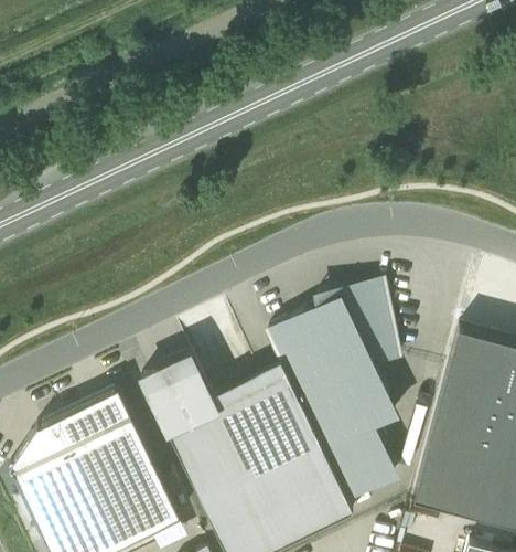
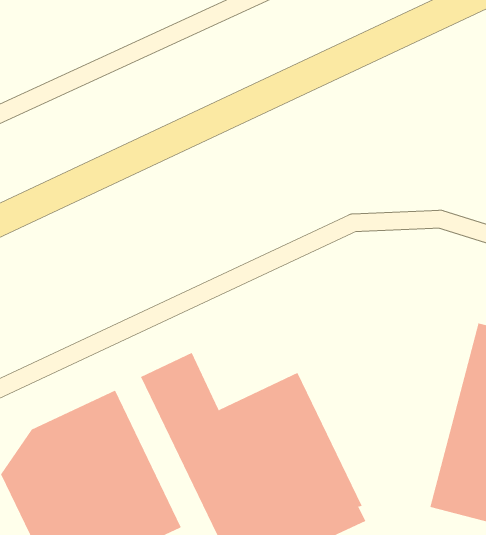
building: [268,282,397,499] -> none

